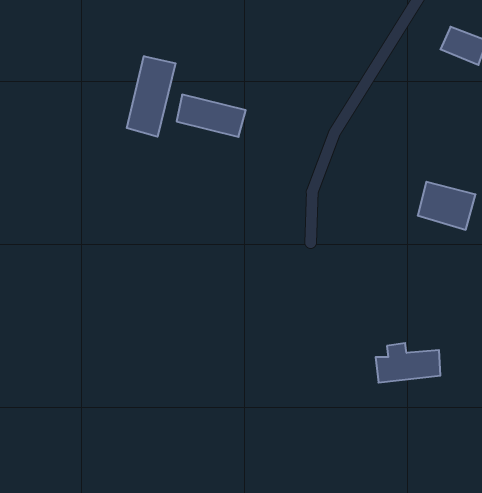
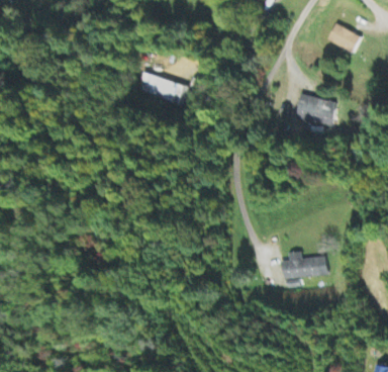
building: [127,56,176,137] -> none
building: [418,182,476,230] -> [296,94,337,128]

